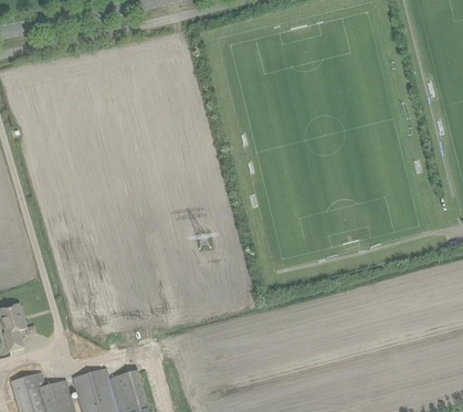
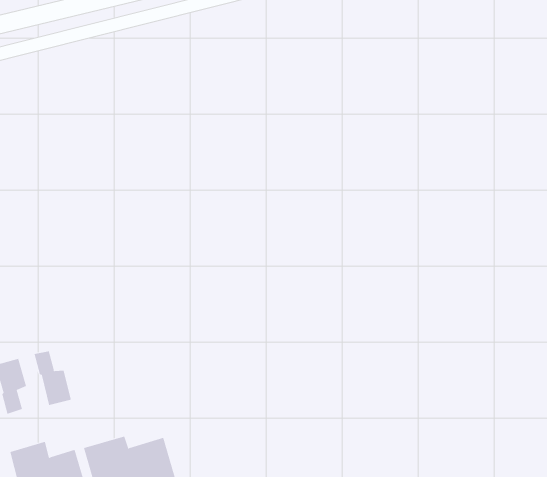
building: none -> [34,350,71,406]

